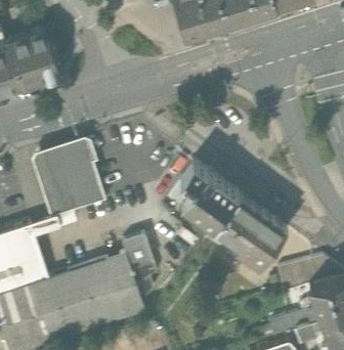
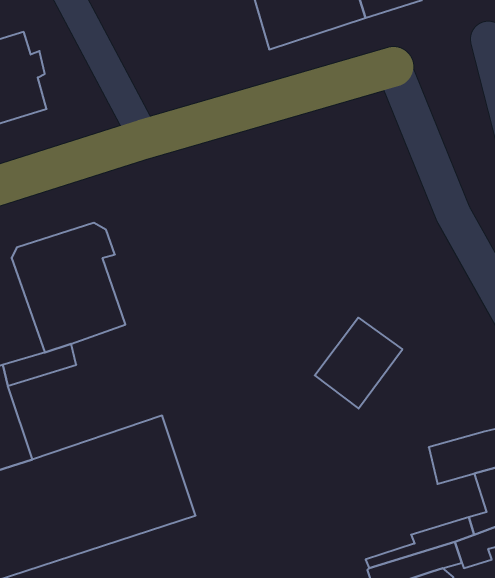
building: [167,162,239,229] -> none
building: [236,214,287,264] -> none
building: [121,234,156,299] -> none

